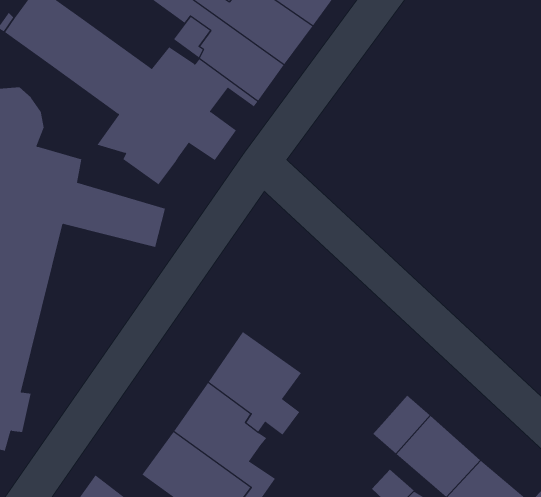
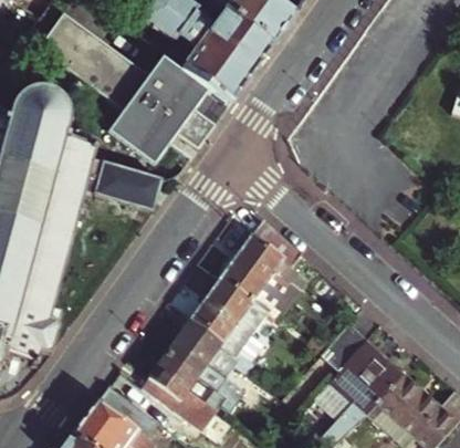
building: none -> [220,218,297,314]

